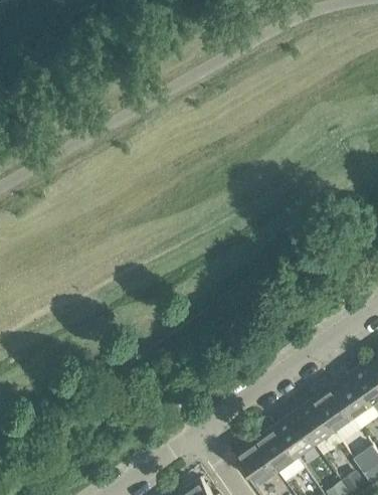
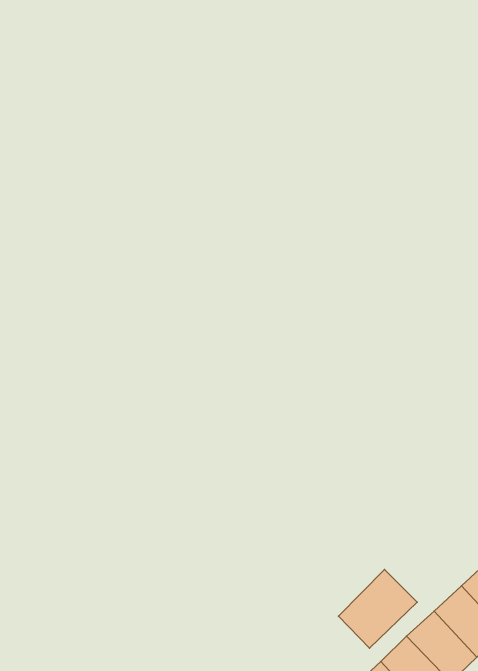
building: none -> [339,570,417,648]

